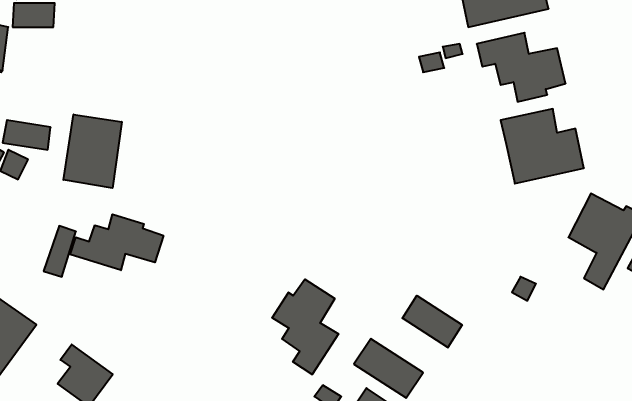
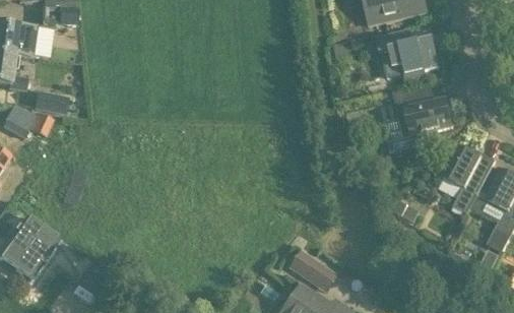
building: [63,114,122,188] -> none
building: [70,214,163,270] -> none
building: [272,279,338,375] -> none
building: [402,296,462,348] -> none

